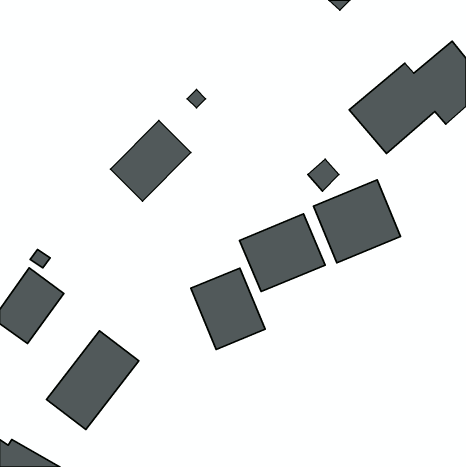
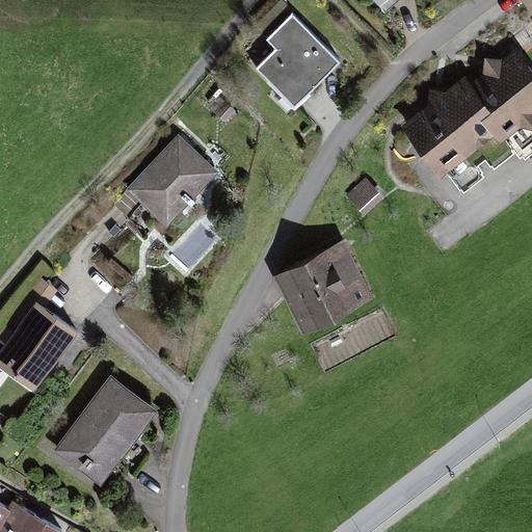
building: none -> [252,12,344,111]
building: [314,180,400,263] -> none
building: [191,268,265,350] -> none

